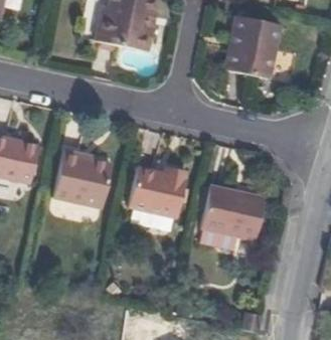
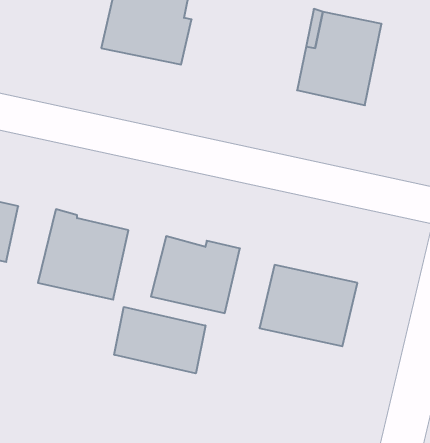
building: none -> [114,307,205,373]

